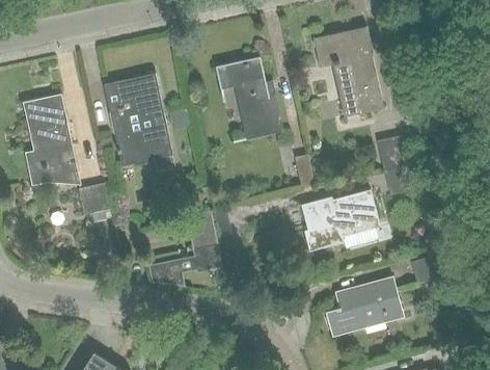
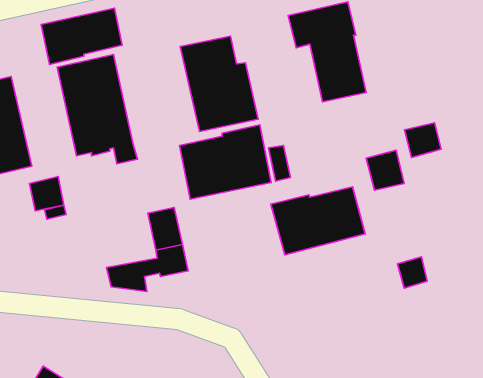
building: none -> [41,8,122,64]
building: [377,135,410,166] -> [404,123,441,157]
building: none -> [180,125,271,199]
building: [327,280,403,337] -> none

